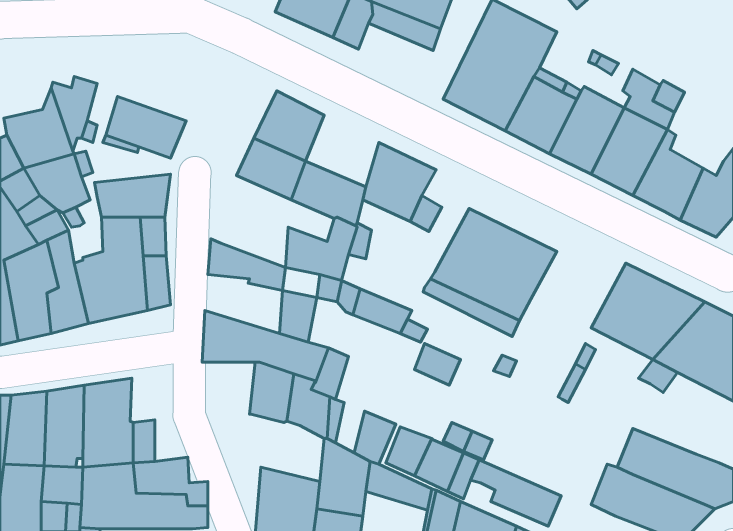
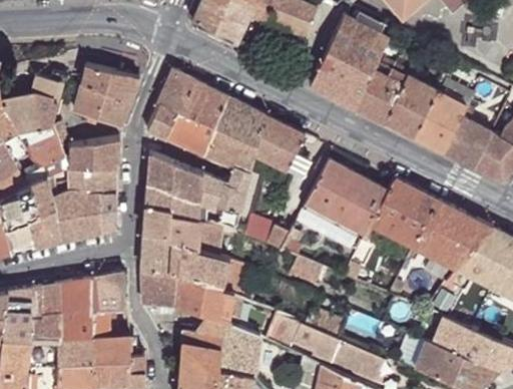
building: none -> [82,66,139,100]
building: none -> [145,70,193,138]
building: none -> [213,96,265,146]
building: none -> [147,153,201,203]
building: none -> [371,178,437,245]
building: none -> [143,208,197,249]
building: none -> [141,269,178,305]
building: none -> [91,274,126,311]
building: none -> [182,313,226,352]

